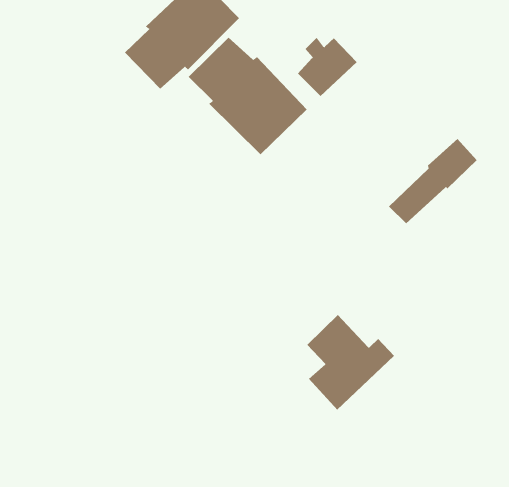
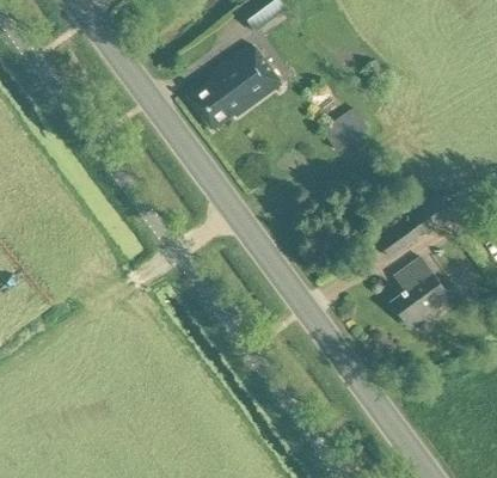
building: [188,37,307,155] -> none
building: [307,314,395,410] -> [389,255,459,329]

